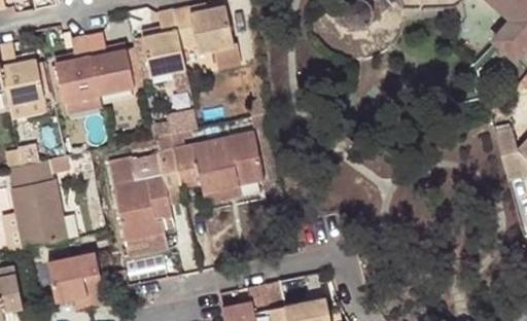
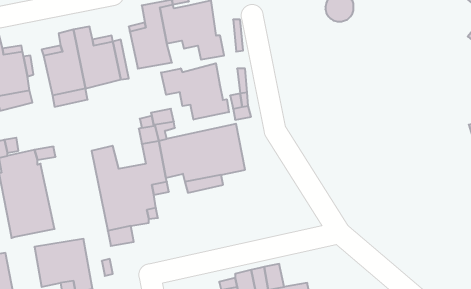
building: none -> [161,63,229,120]

